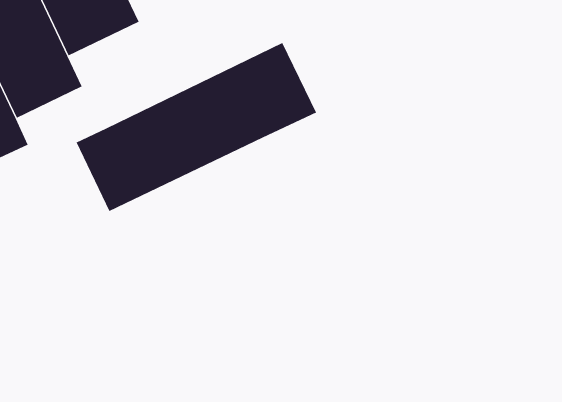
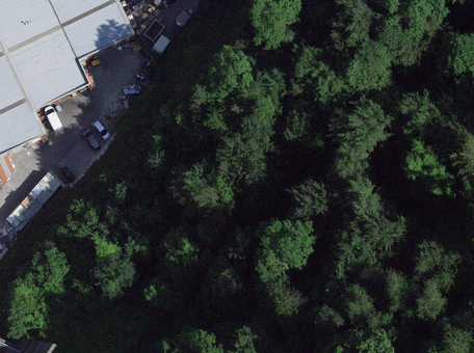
building: [76,42,317,212] -> none

